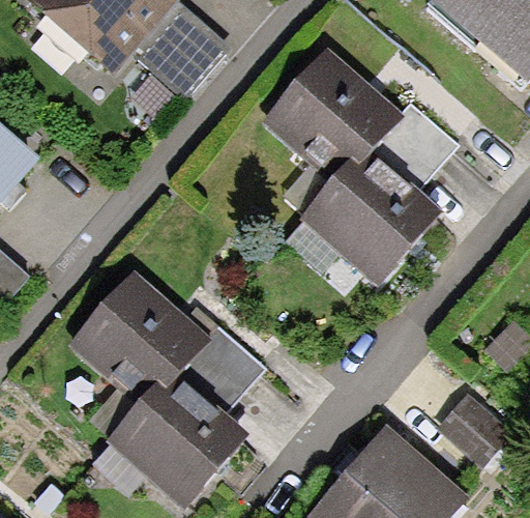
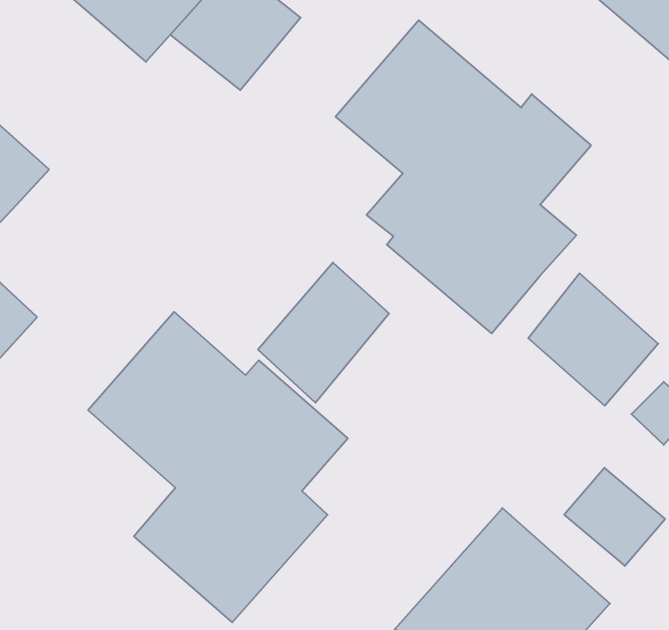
building: none -> [258,262,389,403]
building: none -> [528,273,658,406]

